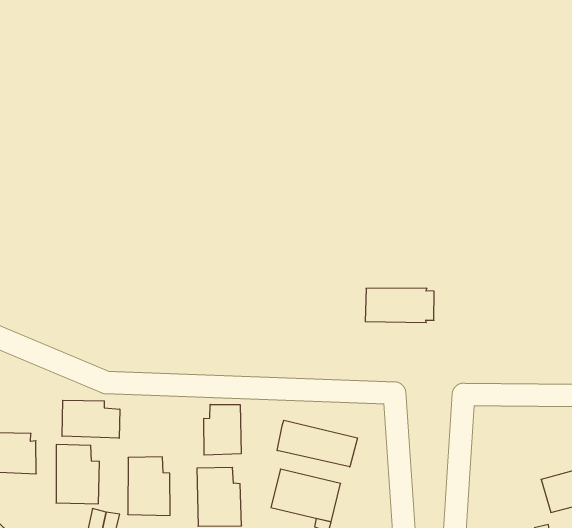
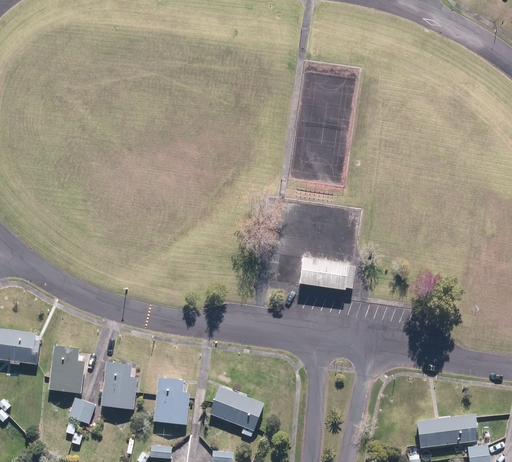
building: [62,400,120,438] -> none
building: [204,404,241,455] -> none
building: [277,420,357,467] -> none

